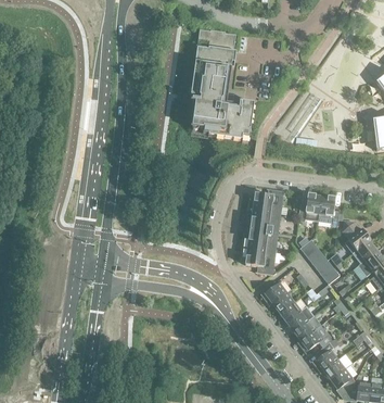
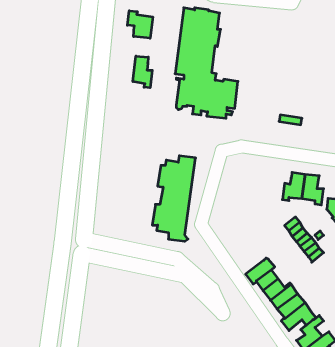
building: none -> [127,11,153,38]
building: none -> [133,56,152,88]
building: [240,188,283,274] -> [152,156,196,241]

